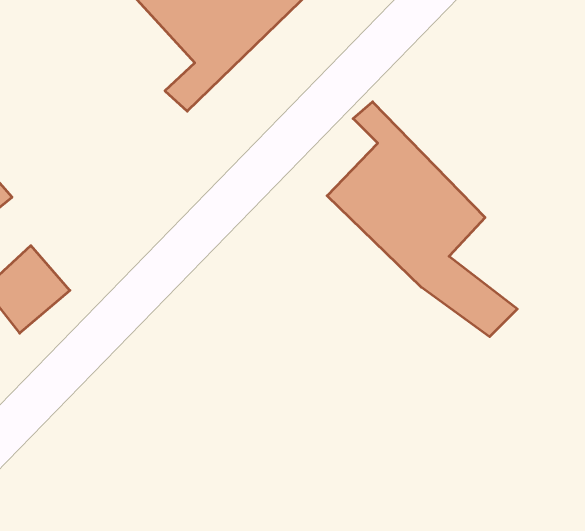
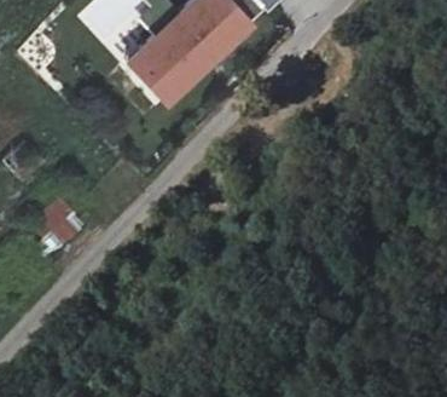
building: [327,102,517,337] -> none

